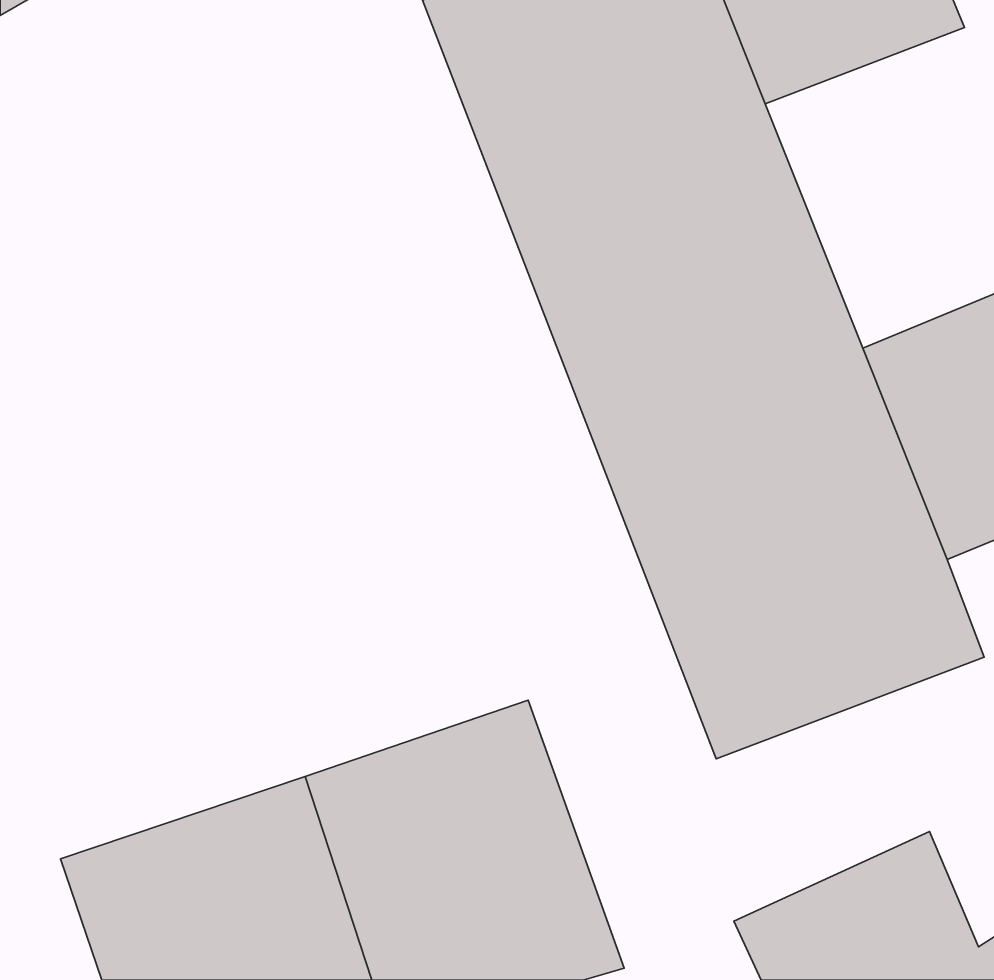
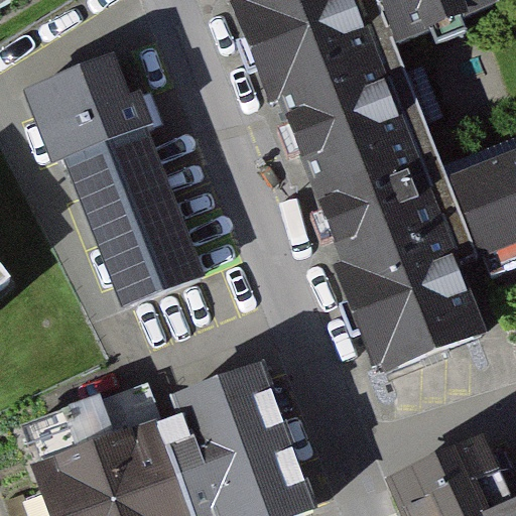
building: none -> [33,54,206,308]

